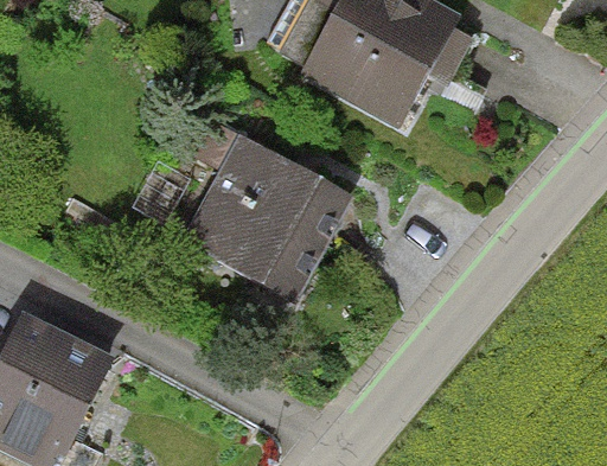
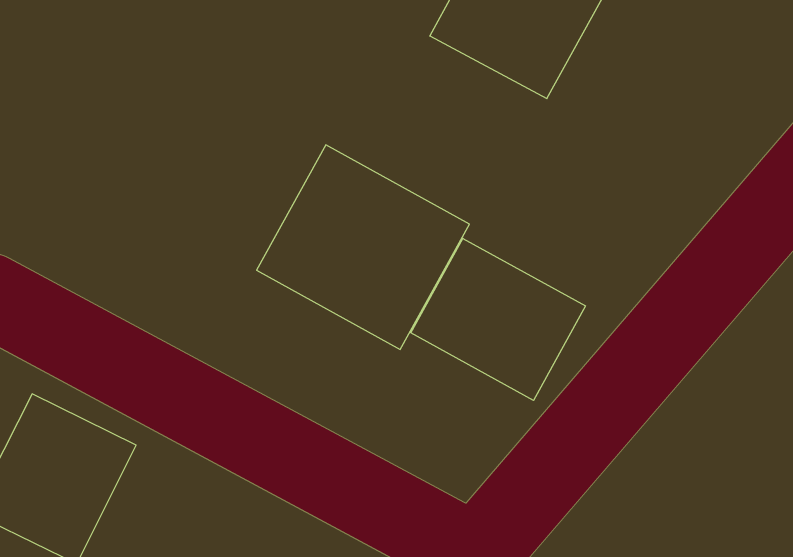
building: none -> [411,238,585,400]

